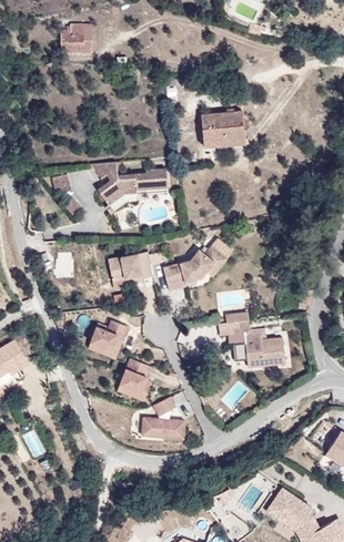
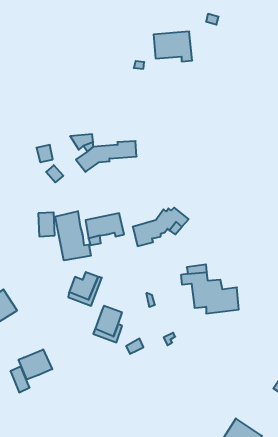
building: [60,24,91,53] -> none
building: [200,111,244,145] -> [154,32,192,61]
building: none -> [55,211,91,260]
building: none -> [19,349,52,380]
building: [142,418,183,437] -> none

